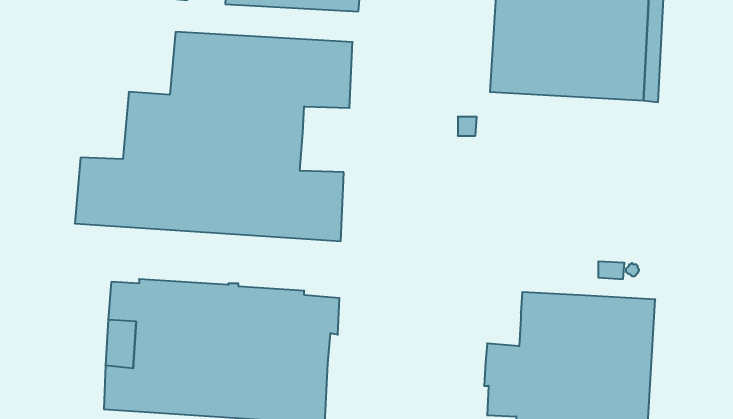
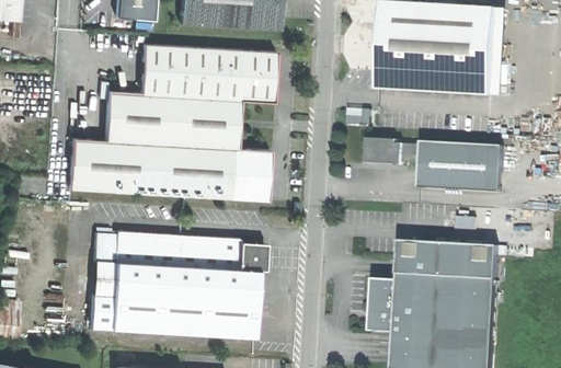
building: none -> [368,137,504,193]

